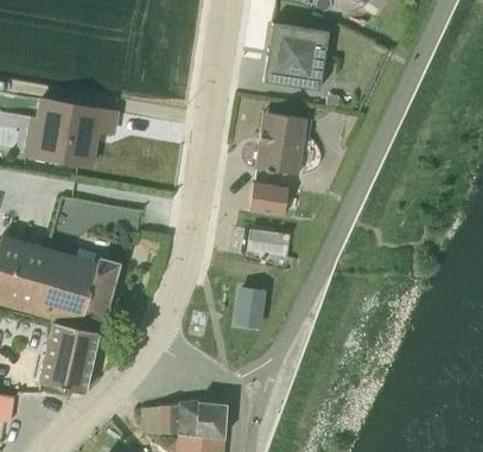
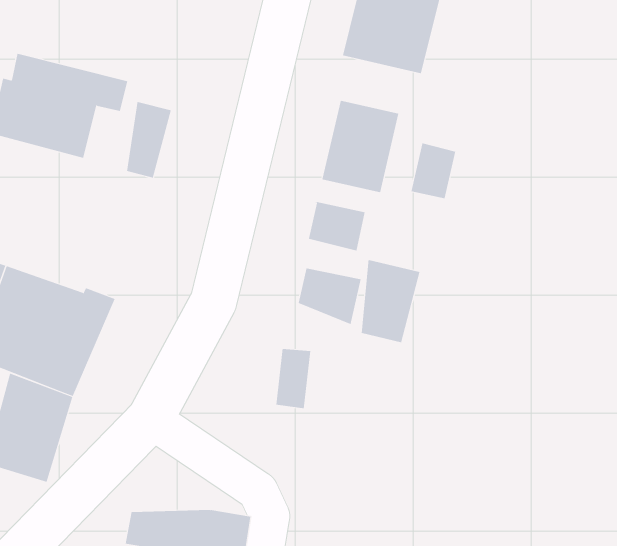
building: none -> [126,101,171,178]
building: none -> [411,143,456,199]
building: none -> [361,259,420,343]

